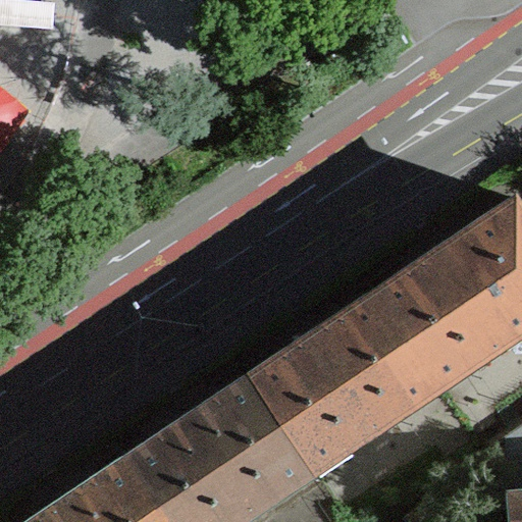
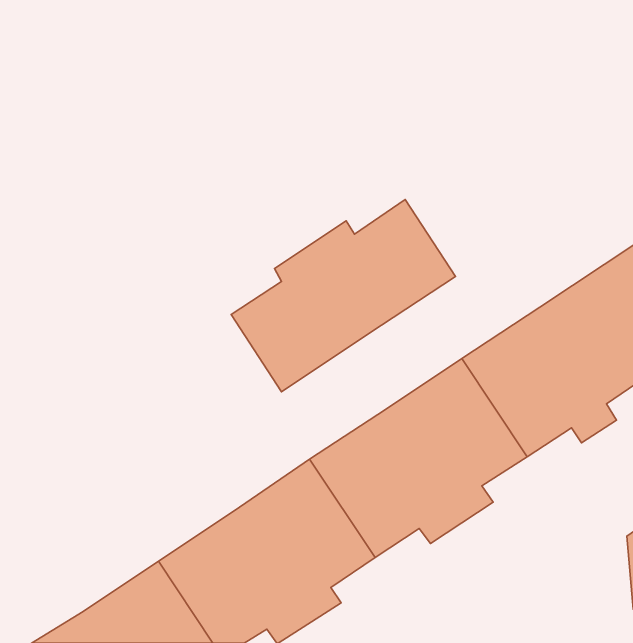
building: none -> [231,200,456,392]

